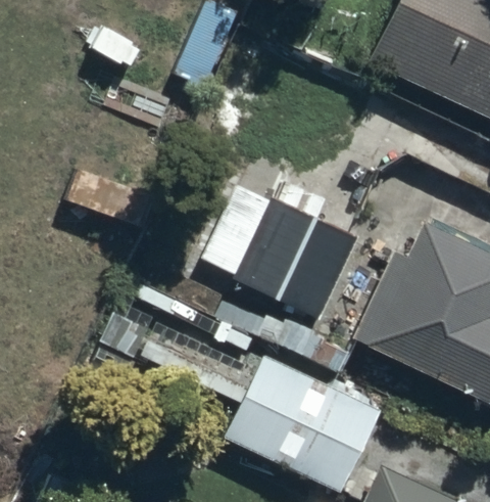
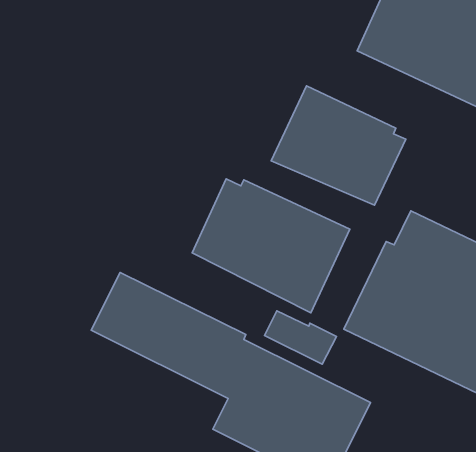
building: none -> [271,86,406,205]

